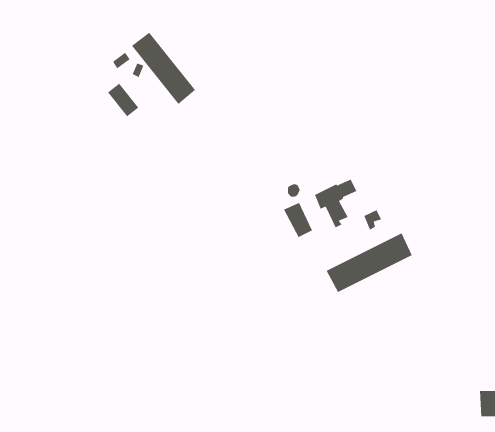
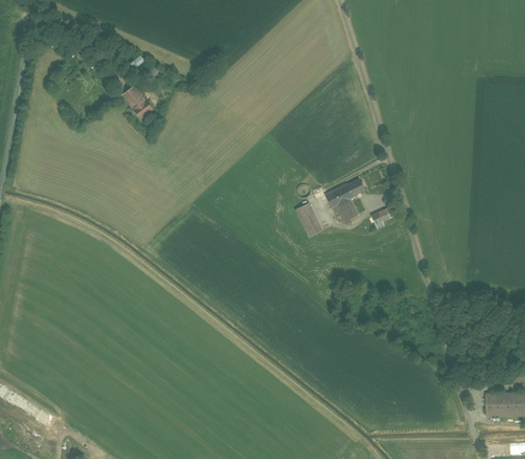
building: [131,32,196,105] -> none
building: [326,232,412,293] -> none

